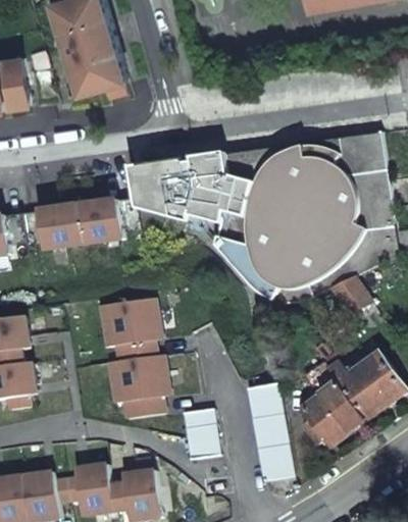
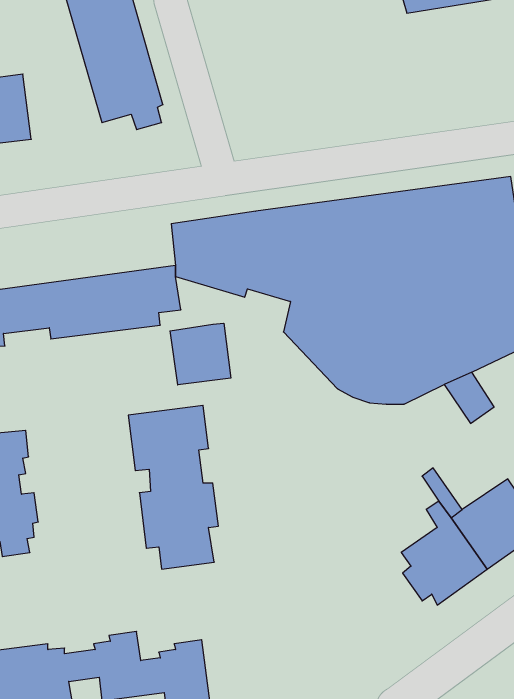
building: none -> [170,323,231,385]
building: [247,381,293,479] -> none
building: [181,408,219,459] -> none

